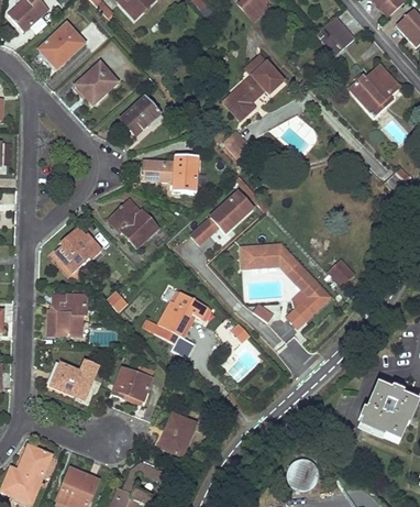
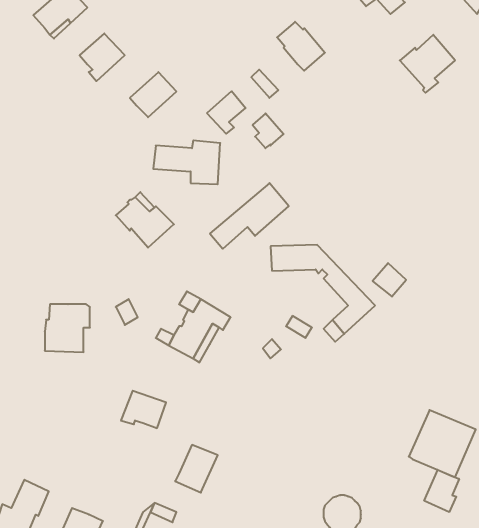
building: [231,76,264,112] -> [207,91,246,134]
building: [55,228,101,272] -> none
building: [52,363,93,399] -> none
building: none -> [424,470,459,512]

